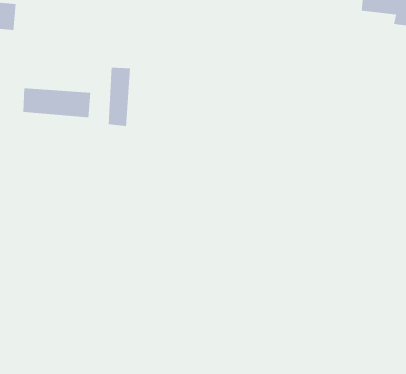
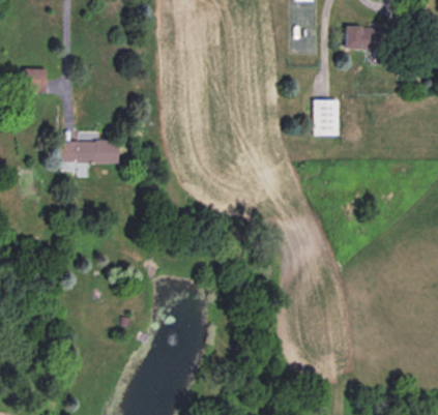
building: none -> [314,99,338,136]
building: [108,67,131,127] -> none

